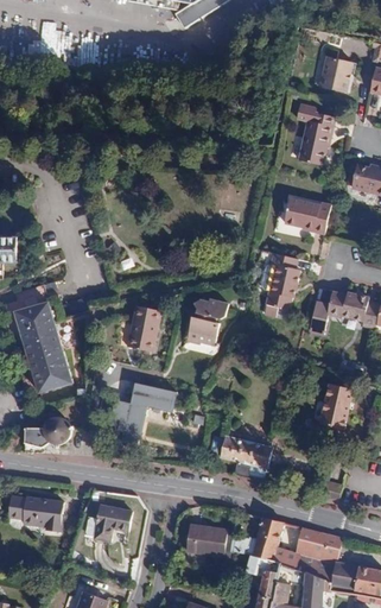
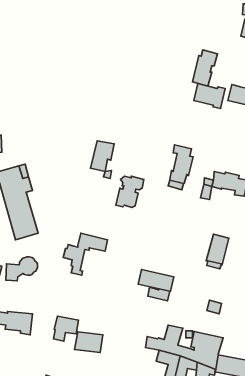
building: [320,56,353,91] -> none
building: [284,197,330,234] -> [194,84,225,109]
building: [126,305,160,350] -> [91,141,114,171]
building: [185,525,227,556] -> [74,332,103,353]

